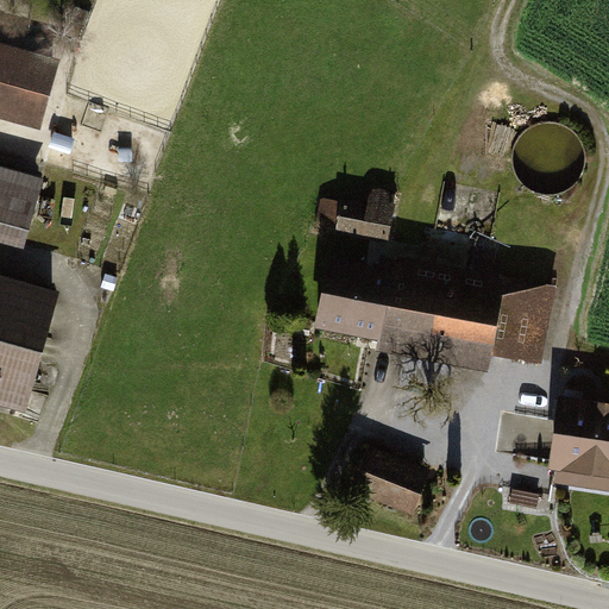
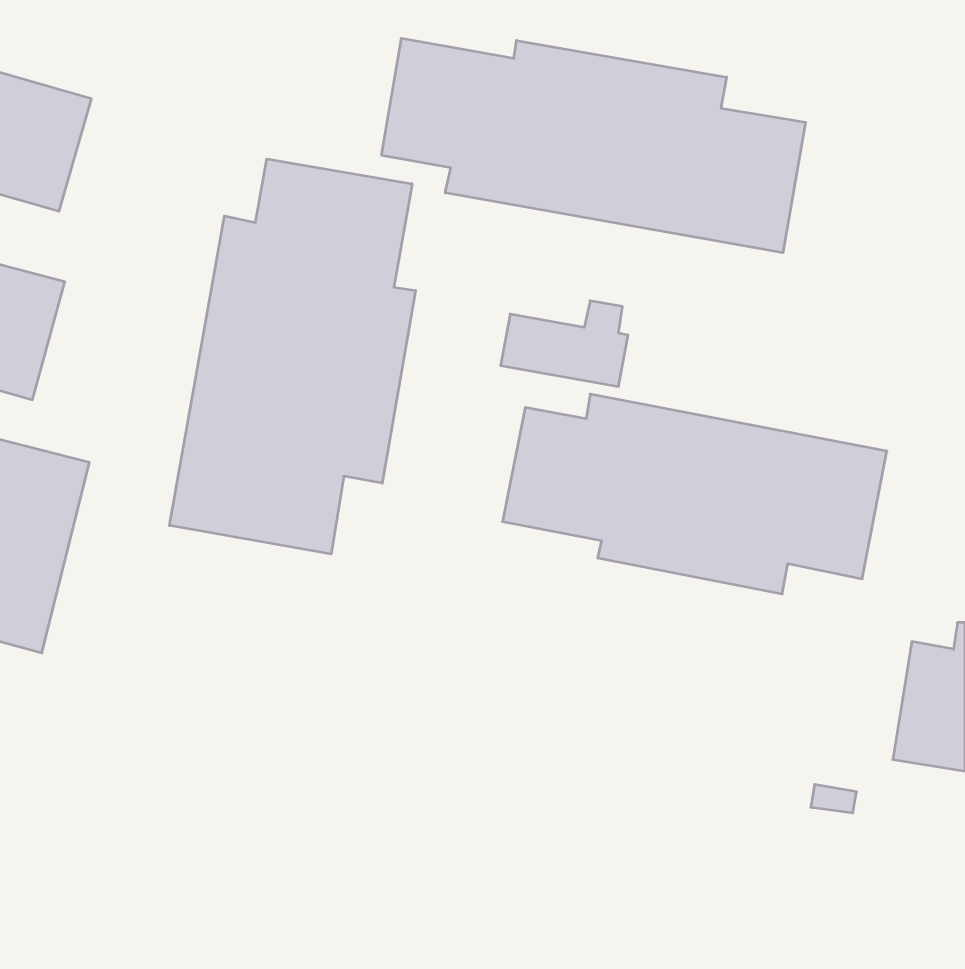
building: none -> [382,38,806,253]
building: none -> [169,159,416,554]
building: [350,447,428,516] -> none

